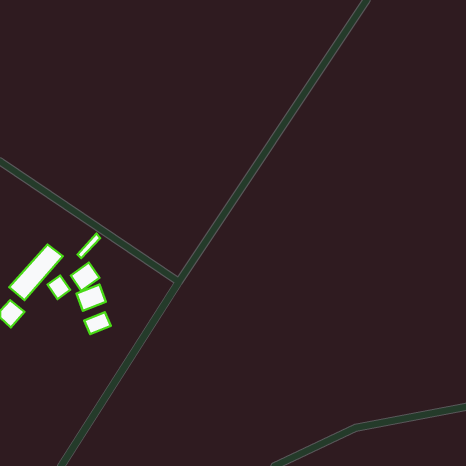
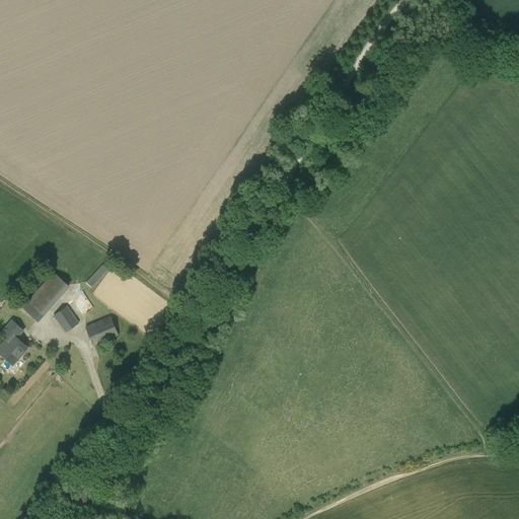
building: [71,262,99,291] -> none
building: [84,312,111,334] -> none

